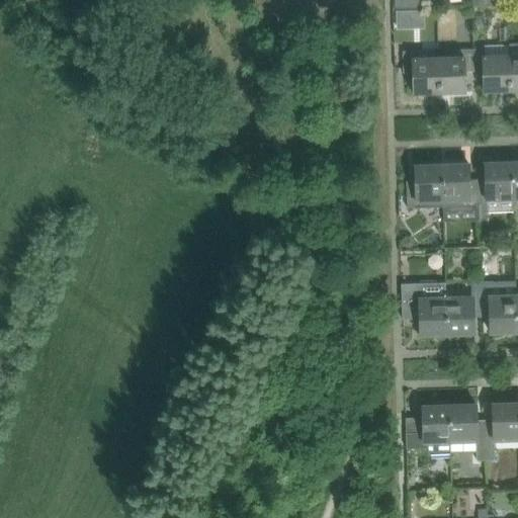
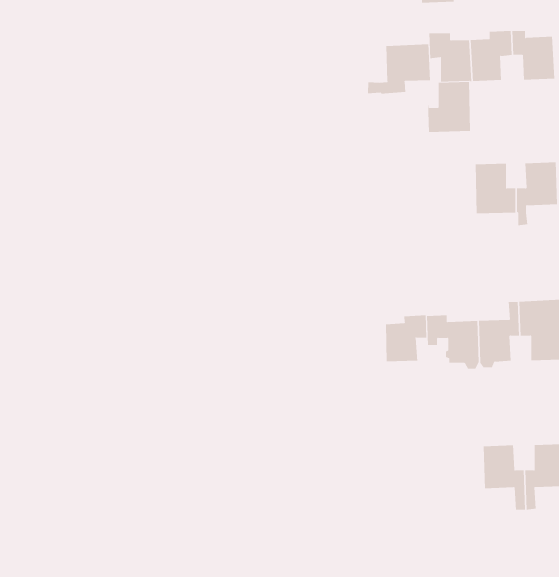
building: none -> [367,43,430,95]
building: [407,164,444,207] -> [427,81,471,132]
building: none -> [386,314,427,362]
building: [406,405,451,448] -> none

